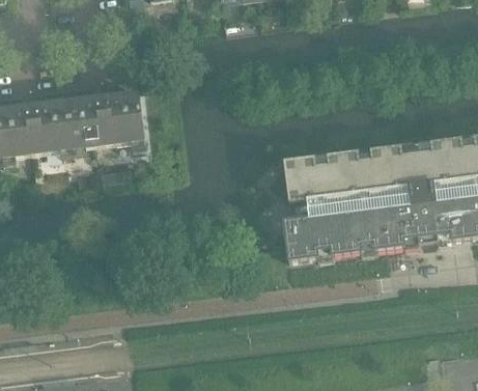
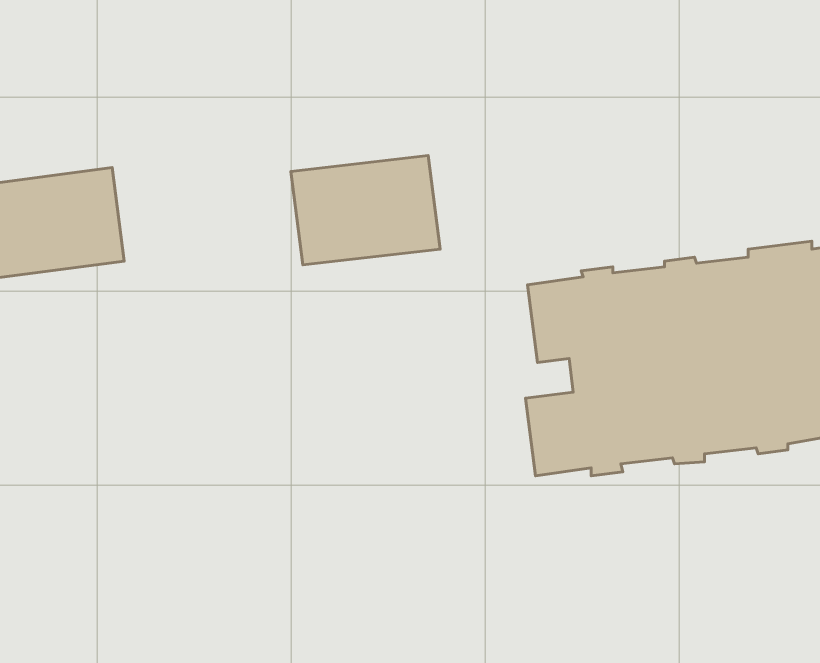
building: [68,91,146,148] -> [291,156,440,265]

